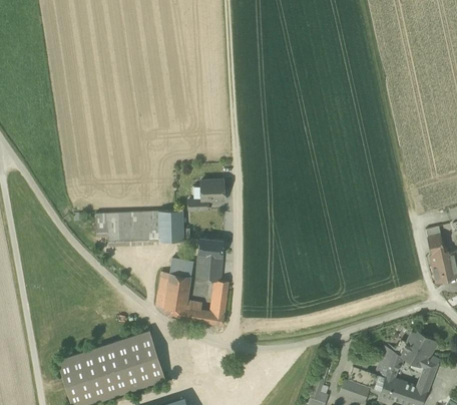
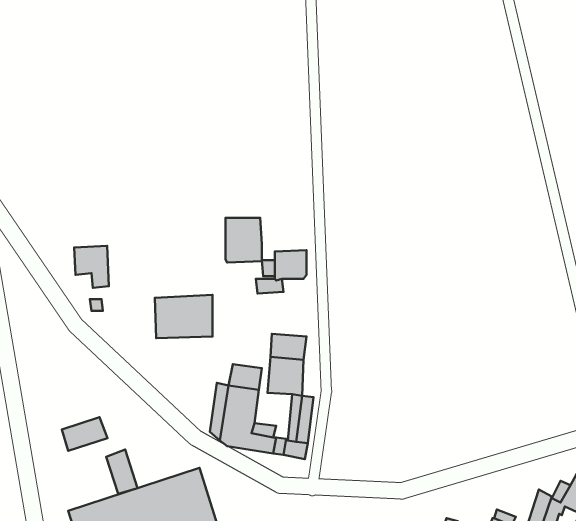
building: [158,212,183,243] -> [226,218,262,263]
building: [95,214,119,243] -> [74,246,109,288]
building: none -> [62,417,107,451]
building: none -> [106,450,138,494]

